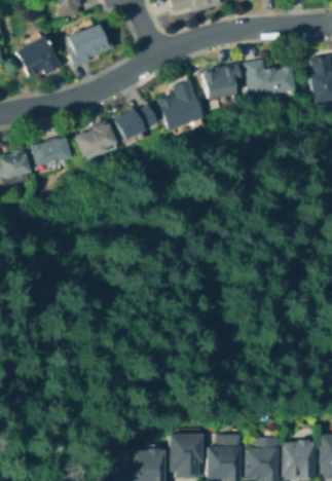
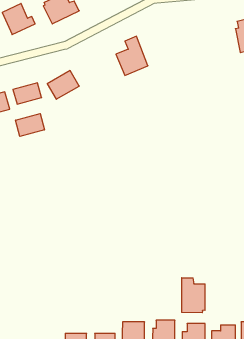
building: [204,64,242,105] -> none
building: [247,64,295,101] -> none
building: [117,106,156,139] -> none
building: none -> [16,114,44,136]
building: none -> [182,278,205,313]

